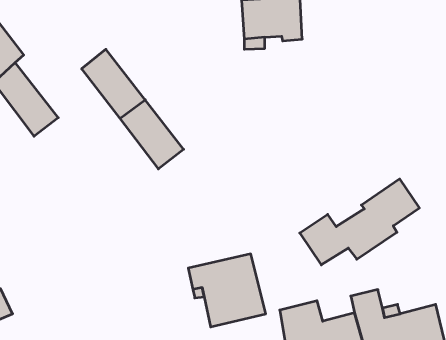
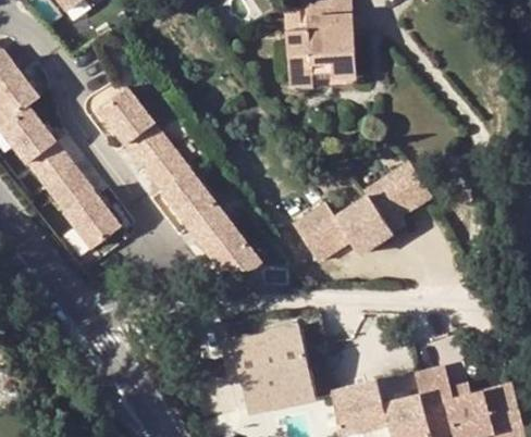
building: none -> [45,166,120,247]
building: none -> [189,203,263,269]
building: [300,179,419,265] -> [294,160,433,260]

